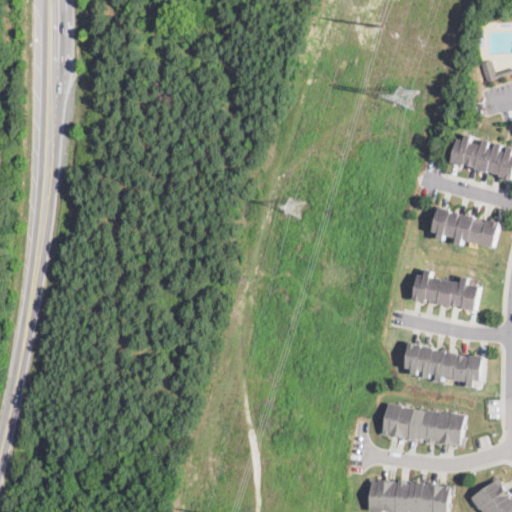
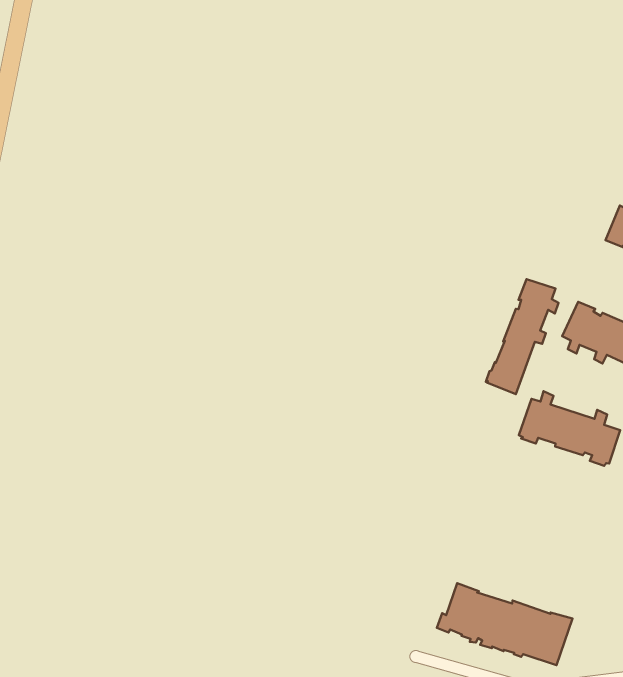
building: none -> [486,279,558,394]
building: [405,342,482,387] -> none

